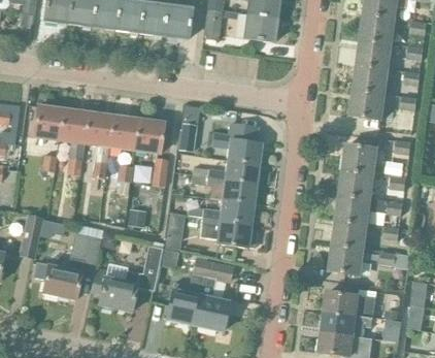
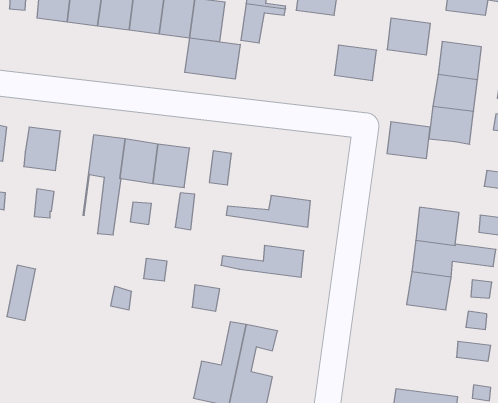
building: [243,13,276,41] -> [334,45,377,81]
building: [361,13,395,42] -> [387,18,430,55]
building: none -> [185,38,240,79]
building: [58,108,88,174] -> none
building: [211,123,261,163] -> none
building: [343,143,377,172] -> [387,122,430,159]
building: [191,174,256,202] -> none
building: [200,217,250,247] -> none
building: [41,233,100,299] -> none
building: [91,245,163,311] -> none
building: [330,245,364,273] -> none
building: [325,288,377,317] -> none

